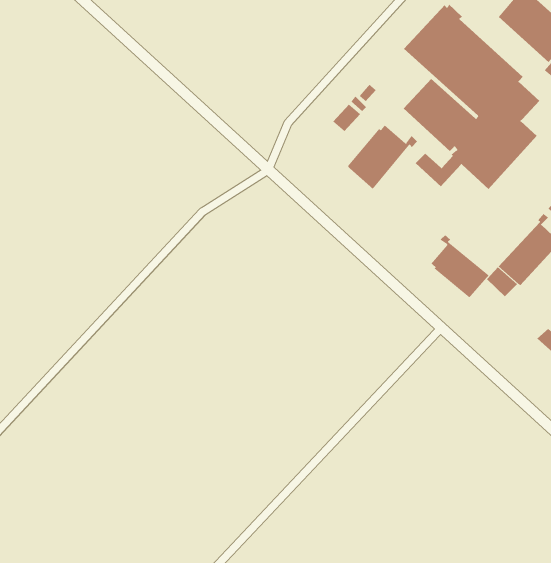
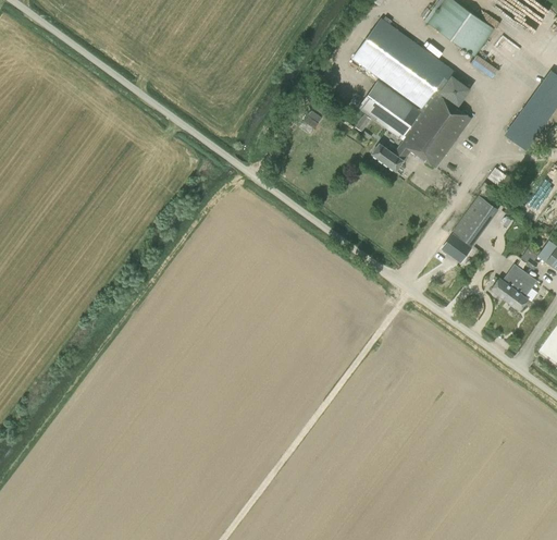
building: [347,125,418,190] -> none
building: [431,234,490,298] -> none

